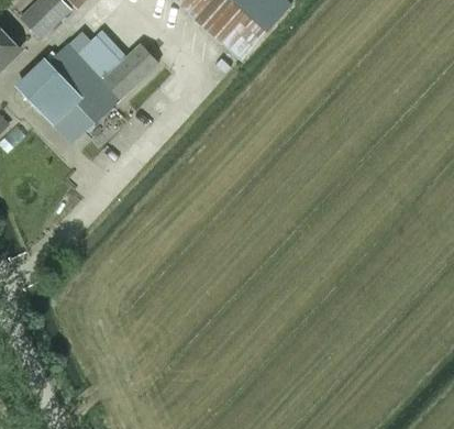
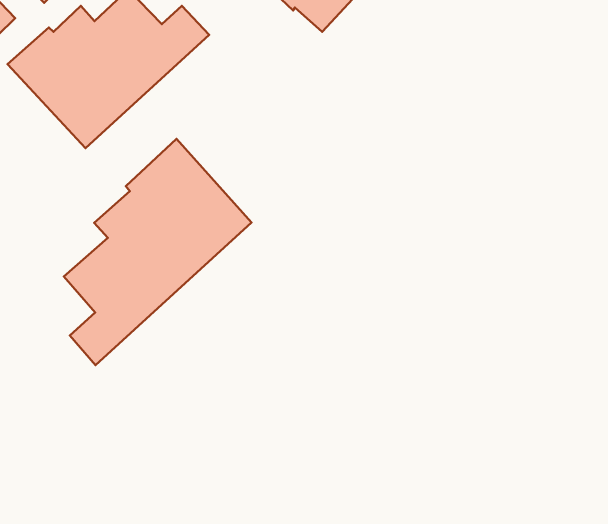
building: none -> [64,139,251,365]

